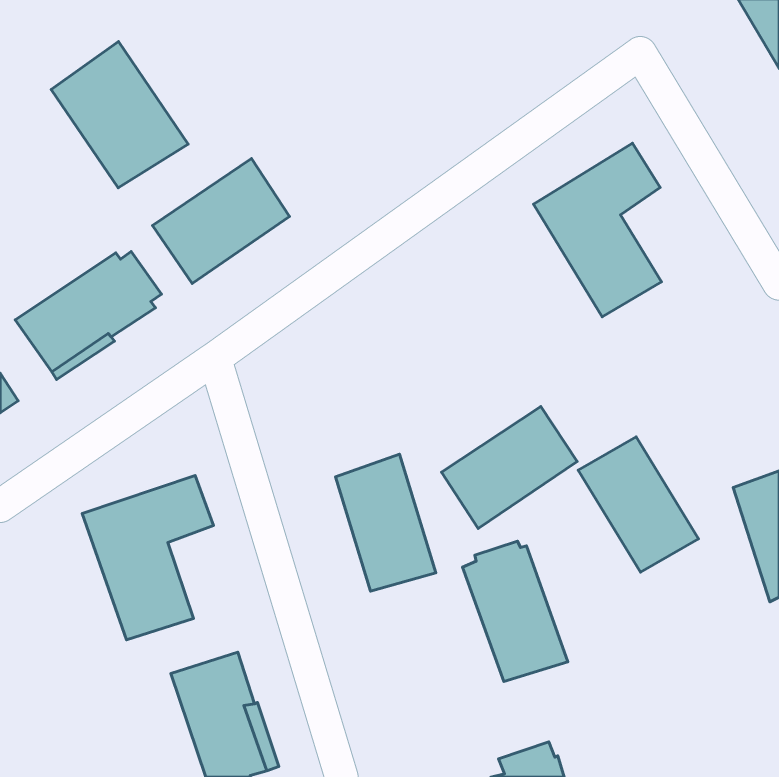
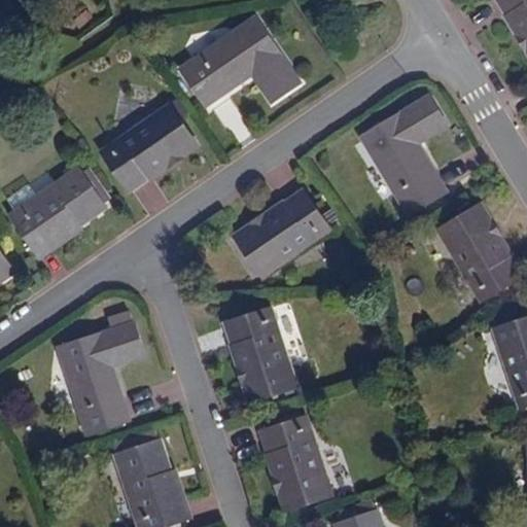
building: none -> [180,17,300,108]
building: [51,42,188,188] -> none
building: [442,407,577,528] -> [236,192,327,275]
building: [578,437,699,572] -> [438,207,520,298]
building: [463,541,568,681] -> [260,415,331,510]

